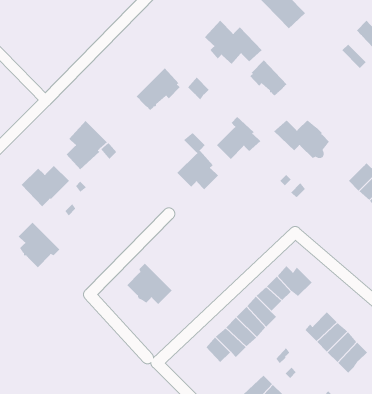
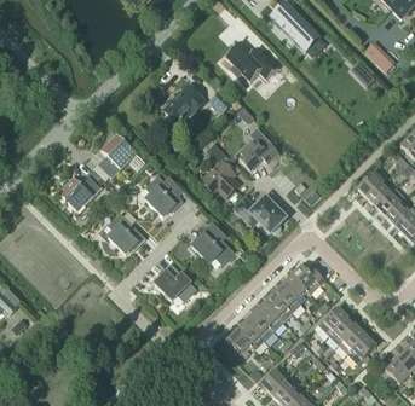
building: [250,59,288,97] -> none
building: [273,119,330,159] -> [232,197,284,233]
building: none -> [144,175,183,218]
building: none -> [191,222,234,265]
building: [18,222,60,268] -> [106,213,145,255]

